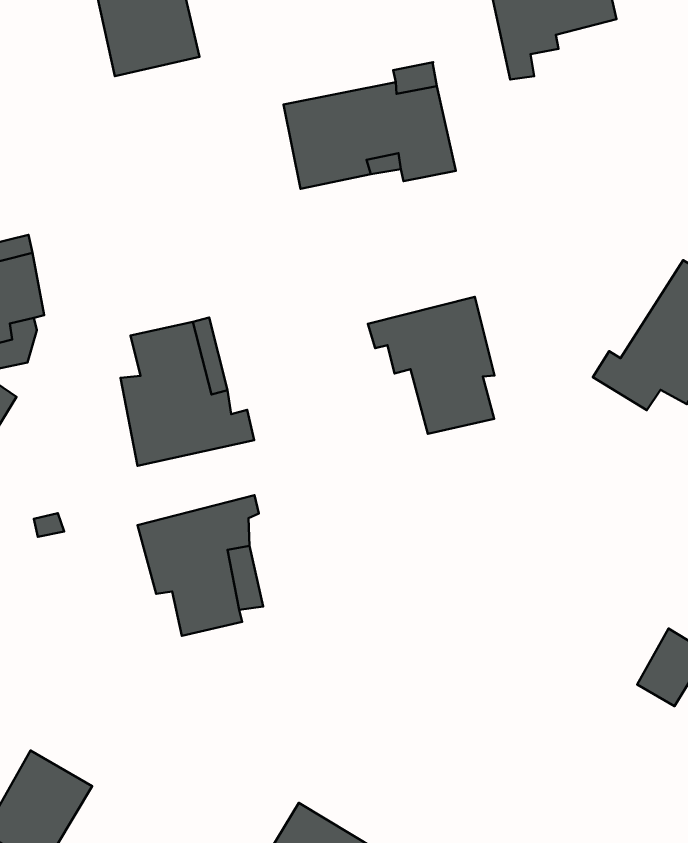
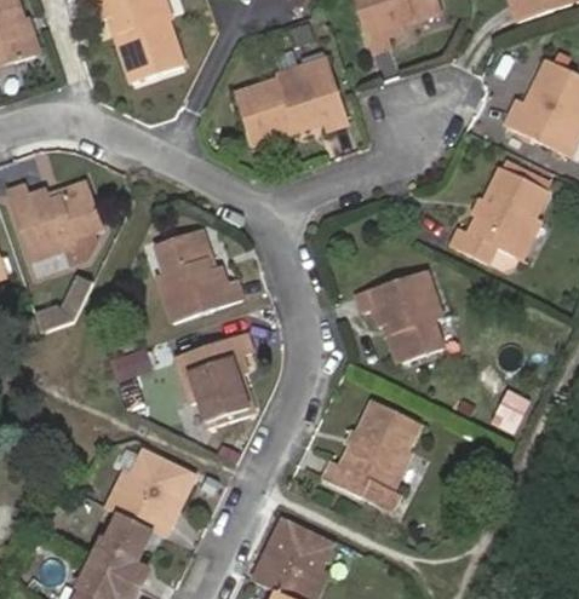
building: [368,297,495,434] -> [356,269,440,356]
building: none -> [319,399,417,491]
building: none -> [110,447,196,526]

